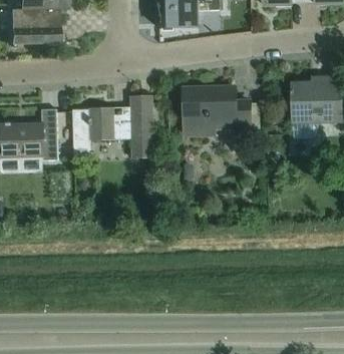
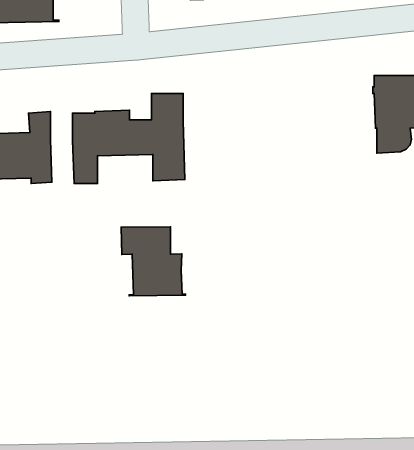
building: [183,86,250,134] -> none
building: none -> [121,227,186,296]

